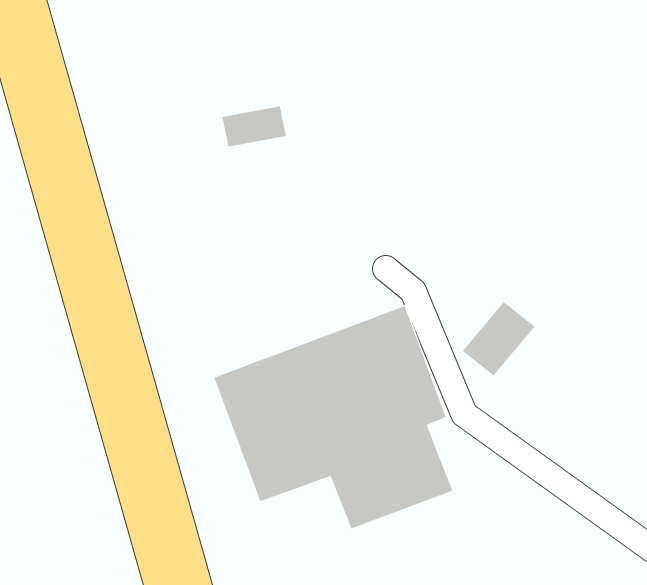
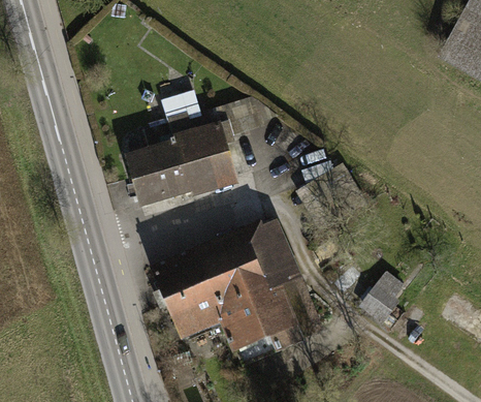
building: none -> [127,123,242,209]
building: [462,301,535,376] -> [360,267,408,315]

